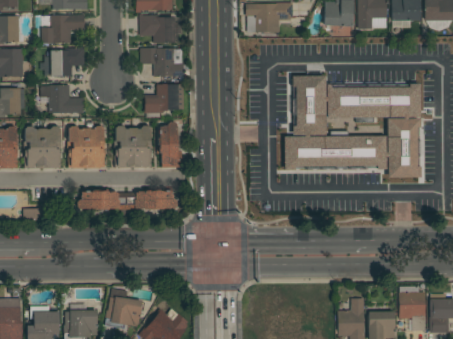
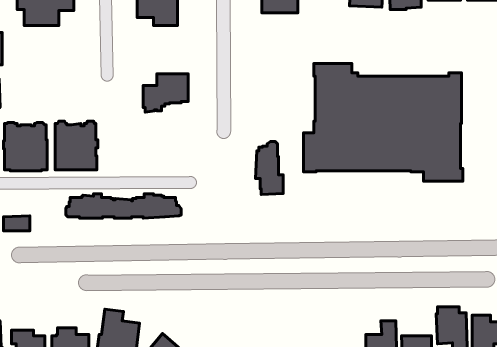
building: [51,47,85,76] -> none
building: [141,48,189,77] -> none
building: [41,85,84,114] -> none
building: [158,122,182,168] -> [256,141,283,195]
building: [116,126,152,168] -> none

